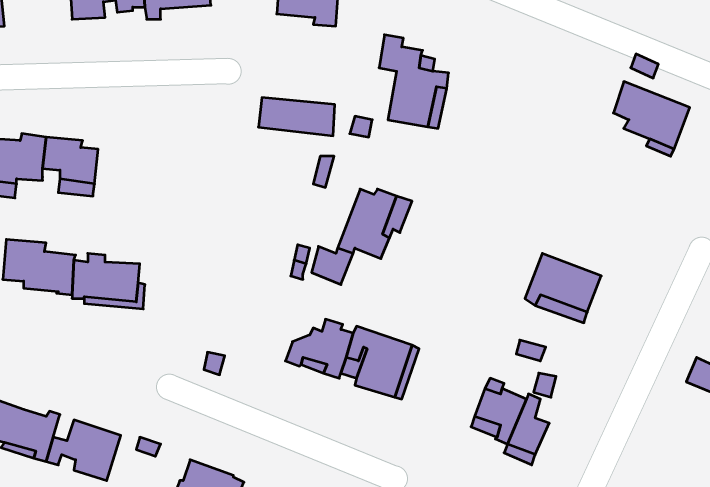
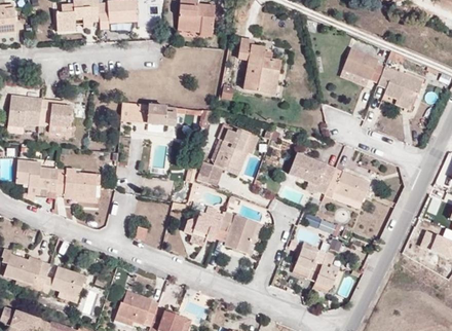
building: none -> [342,47,378,79]
building: [258,98,335,136] -> [120,102,165,124]
building: none -> [289,152,335,194]

